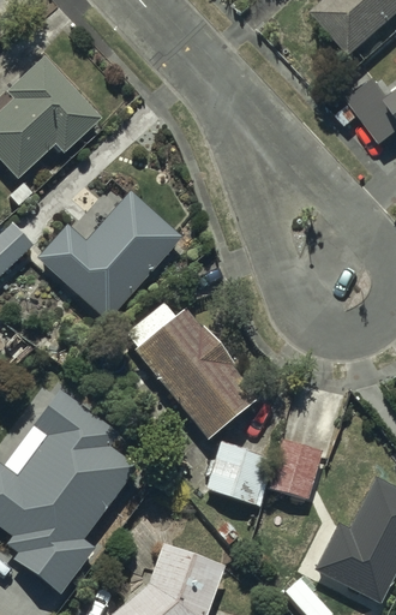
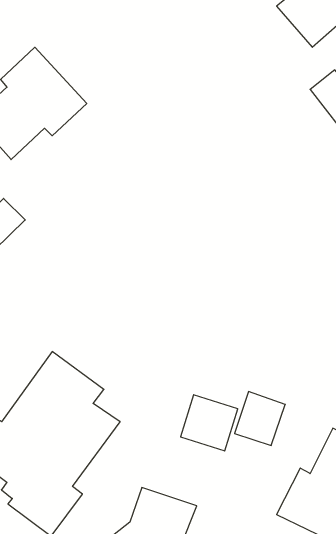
building: [36,191,179,320] -> none
building: [126,301,259,440] -> none

